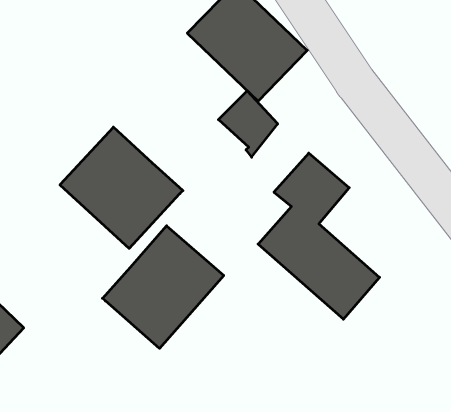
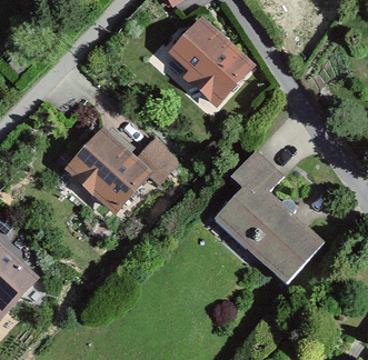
building: [218,91,278,157] -> [135,134,180,186]
building: [102,226,224,348] -> none

